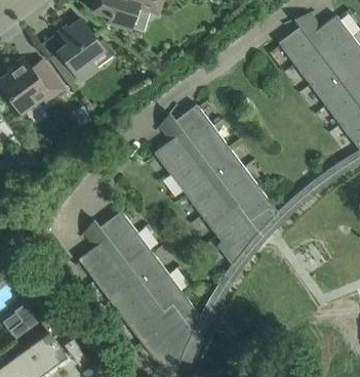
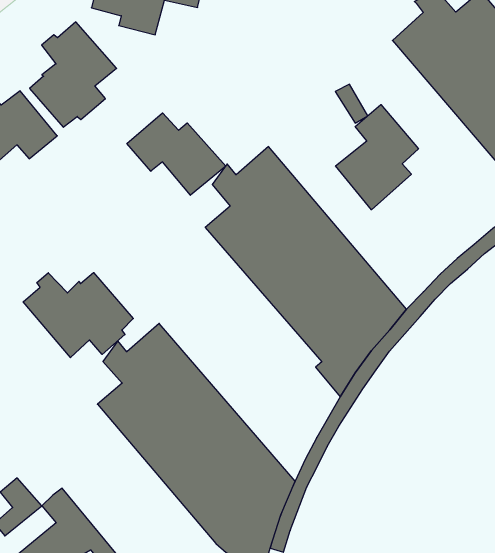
building: none -> [127,113,226,195]
building: none -> [336,105,418,210]
building: none -> [23,273,133,358]

